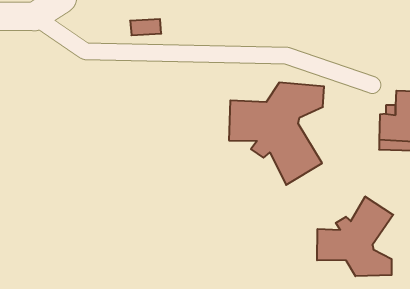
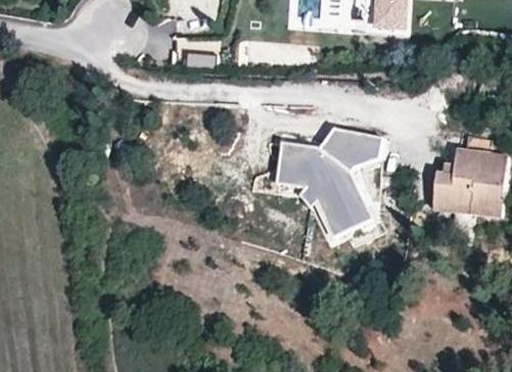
building: [317,196,393,276] -> none

